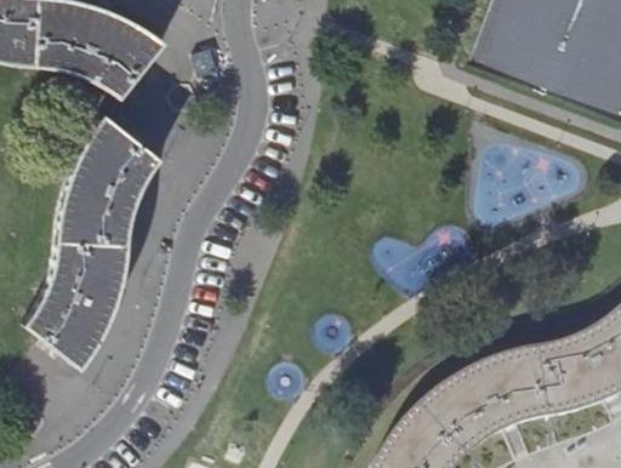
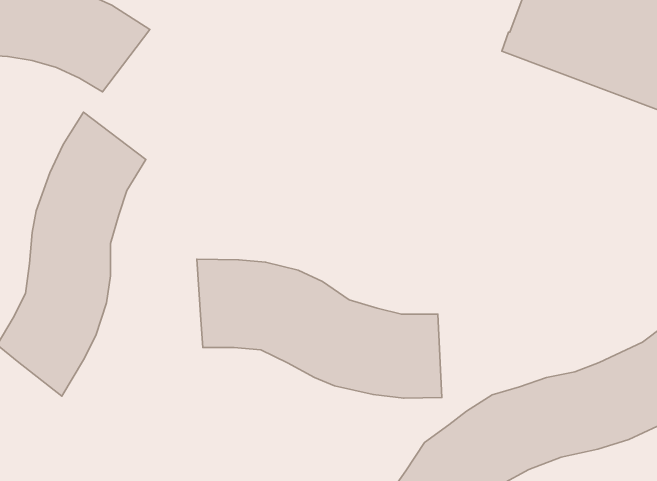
building: none -> [197,259,442,398]

